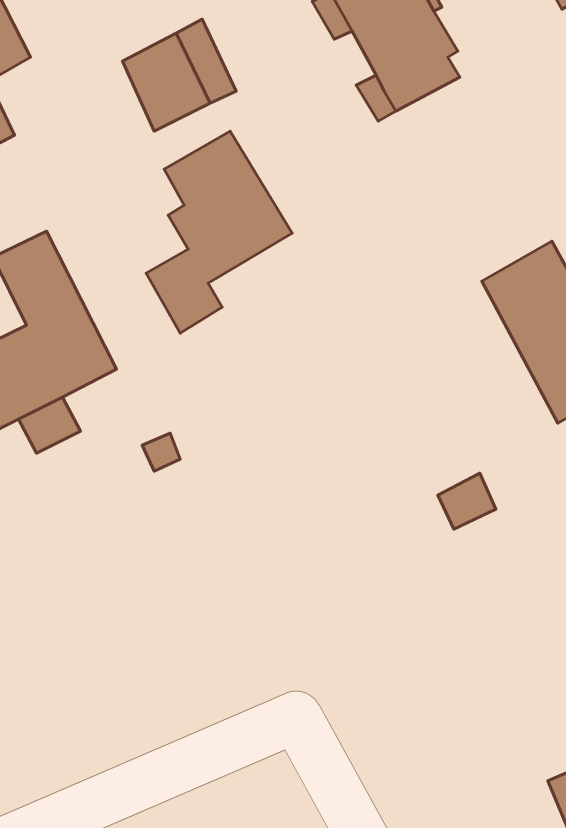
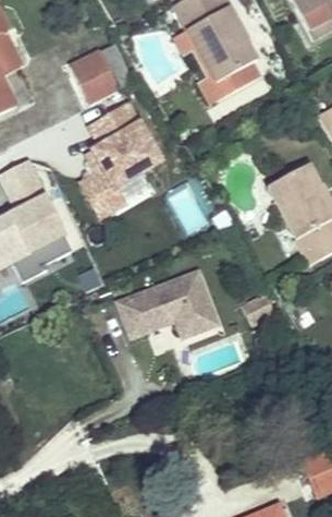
building: none -> [122,269,220,335]

